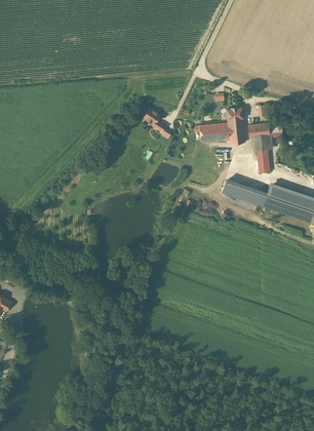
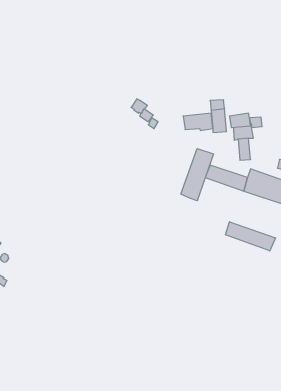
building: none -> [181,149,214,201]
building: none -> [226,222,275,251]

